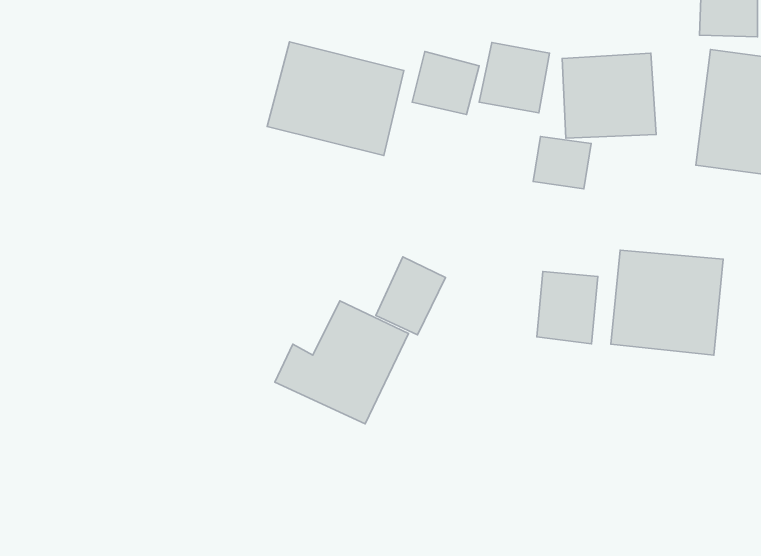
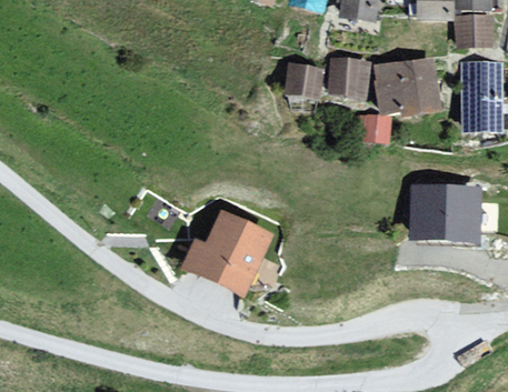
building: [267,42,404,156] -> none
building: [376,257,446,335] -> none
building: [537,271,598,344] -> none

